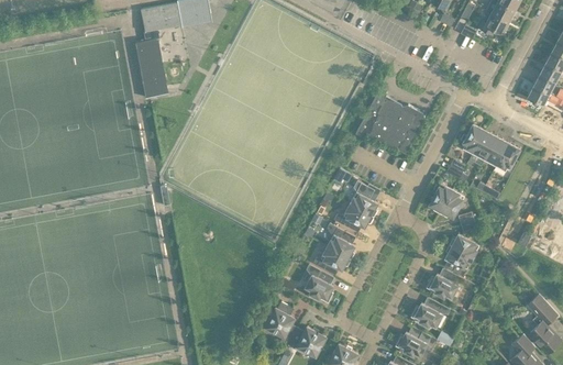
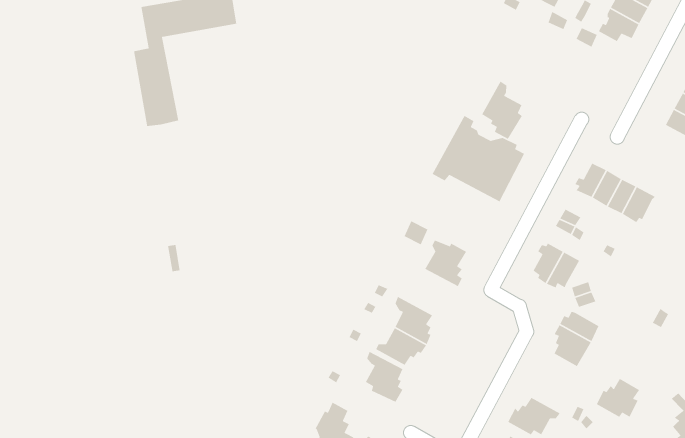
building: none -> [481,80,523,140]
building: [333,203,374,233] -> none
building: [426,268,459,298] -> [596,378,640,418]

